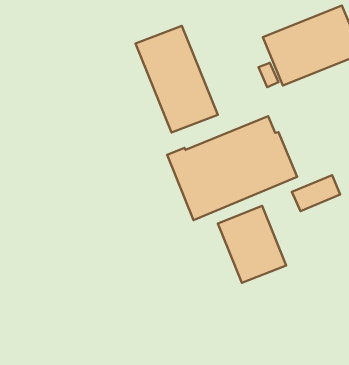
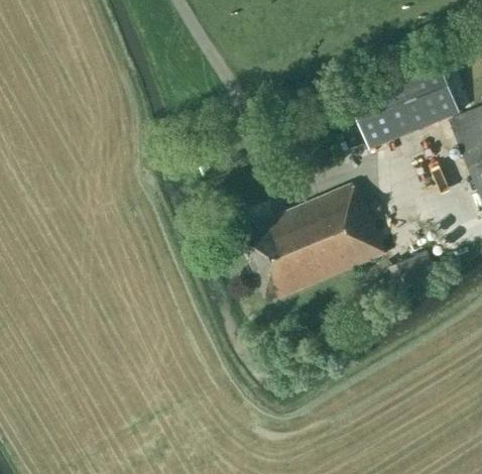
building: [135,26,218,133] -> none
building: [218,206,286,283] -> none

